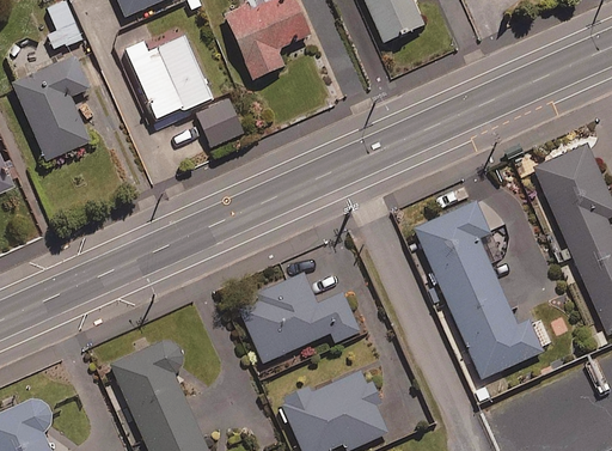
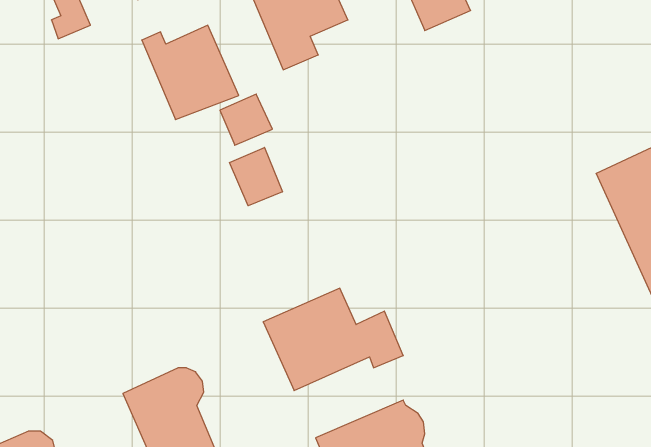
building: [12,55,91,159] -> none
building: none -> [229,147,282,206]
building: [411,201,547,379] -> none

